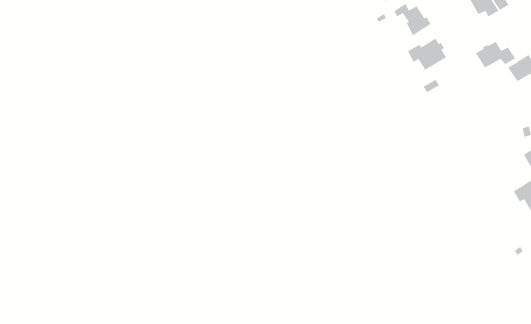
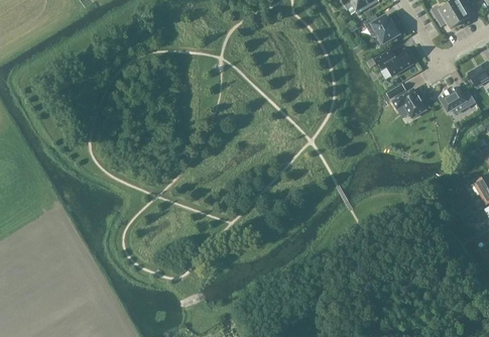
building: [475,41,516,69] -> [439,87,476,112]
building: none -> [392,89,425,118]

